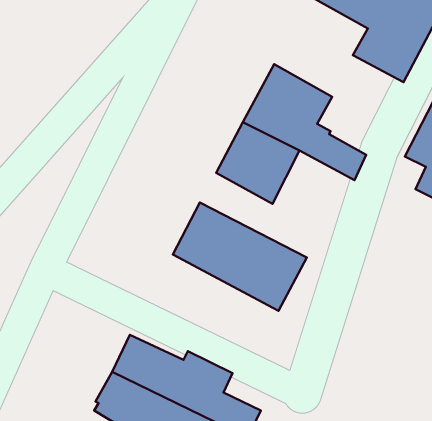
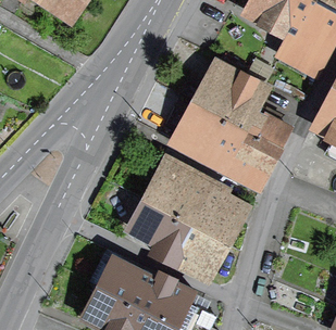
building: none -> [219,125,278,183]
building: none -> [133,201,223,278]

